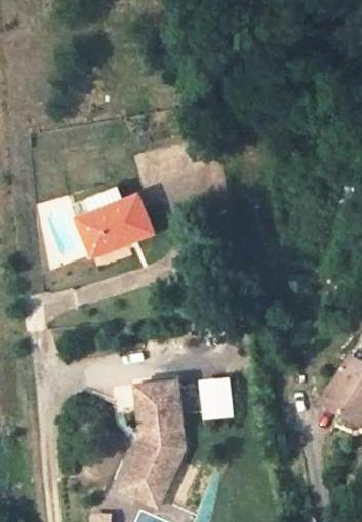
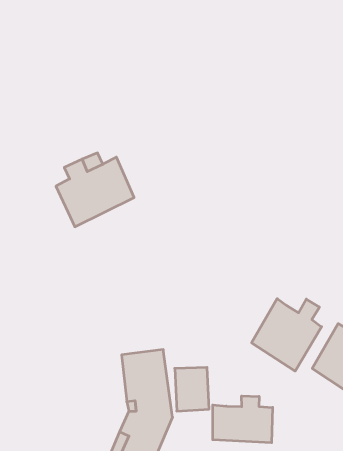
building: none -> [252,299,322,371]
building: none -> [213,396,273,443]

